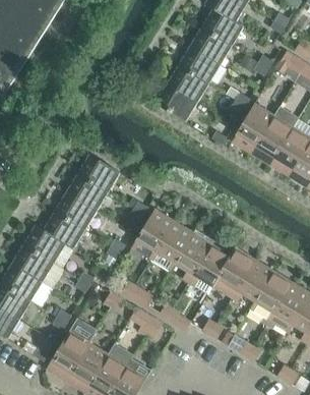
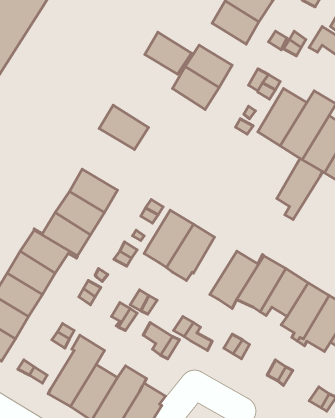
building: [180,46,221,82] -> [145,32,192,74]
building: [78,153,121,191] -> [99,105,148,150]
building: [175,229,214,282] -> [277,159,322,219]

